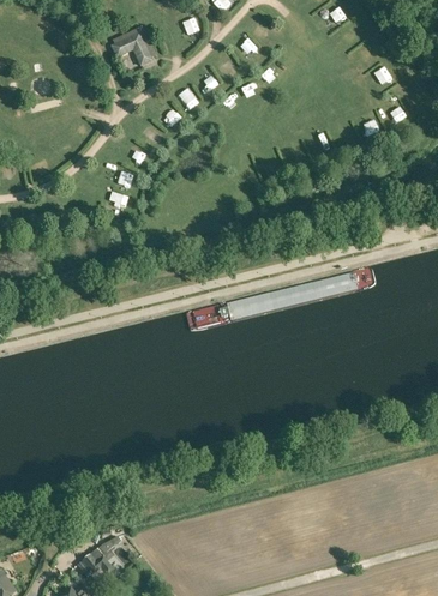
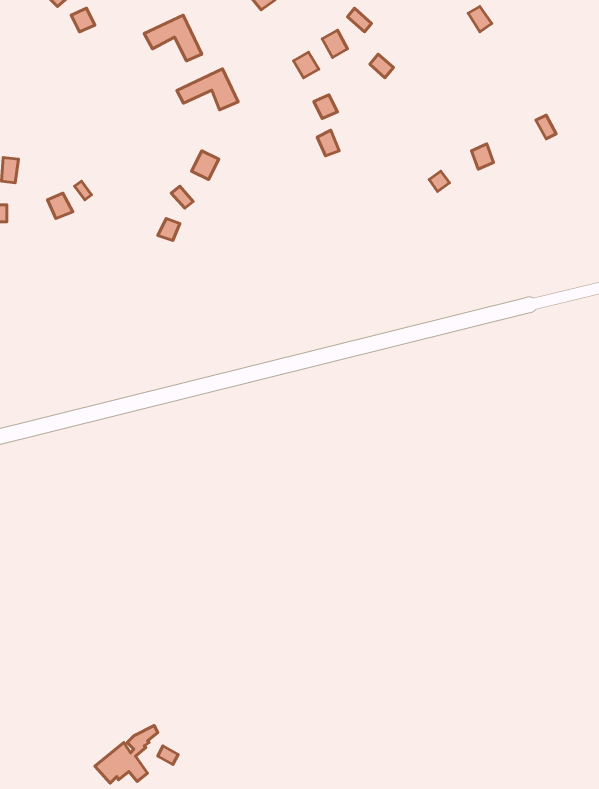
building: none -> [177,69,238,110]

